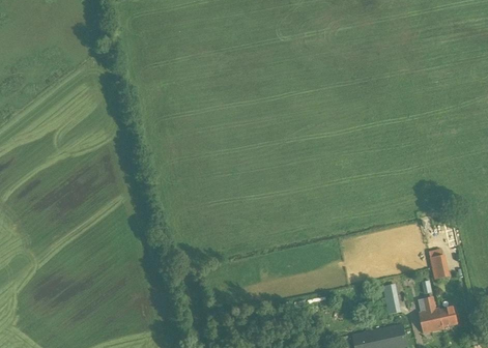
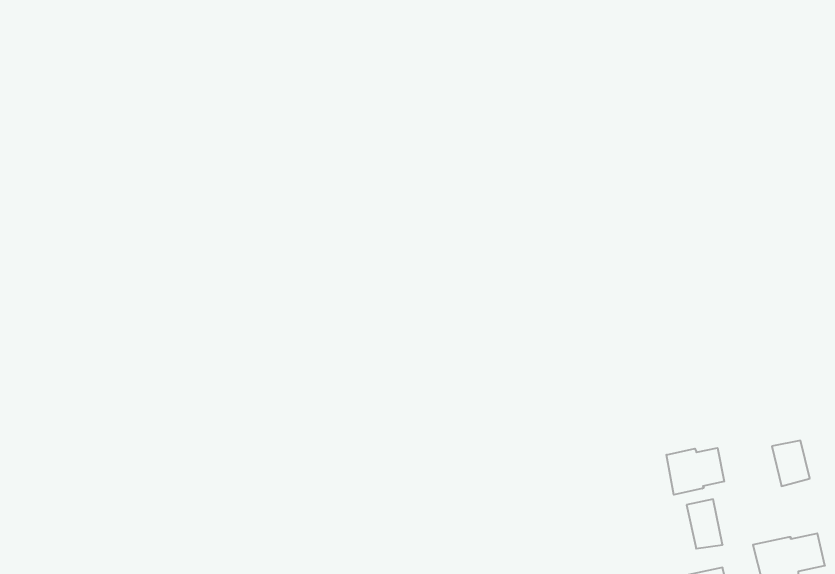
building: none -> [666,448,724,495]

